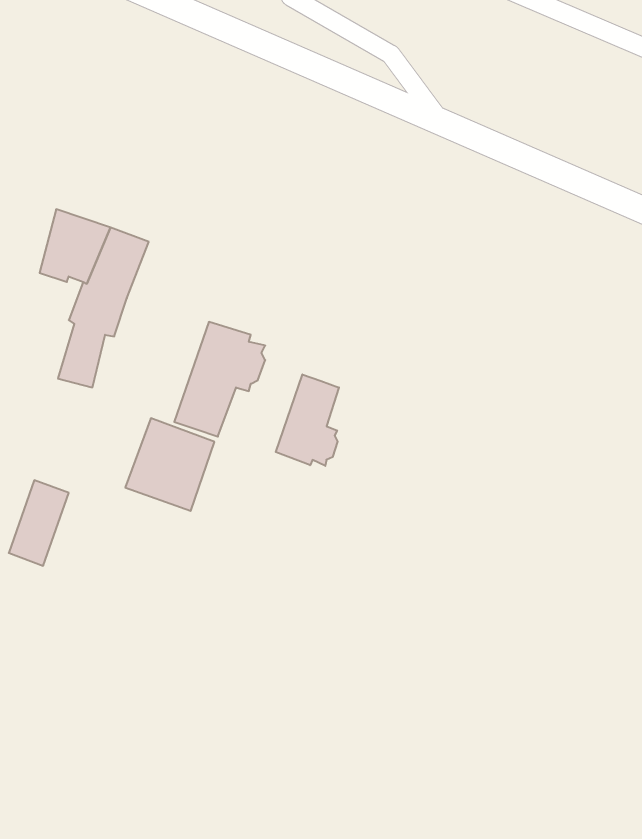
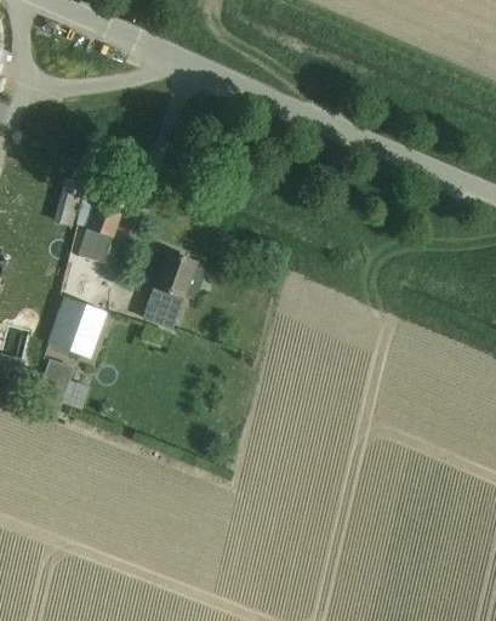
building: [276,374,339,466] -> none
building: [125,418,214,511] -> [46,296,106,358]

